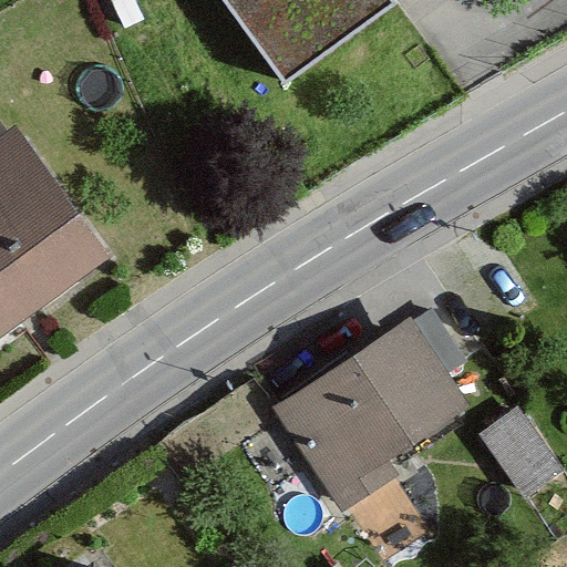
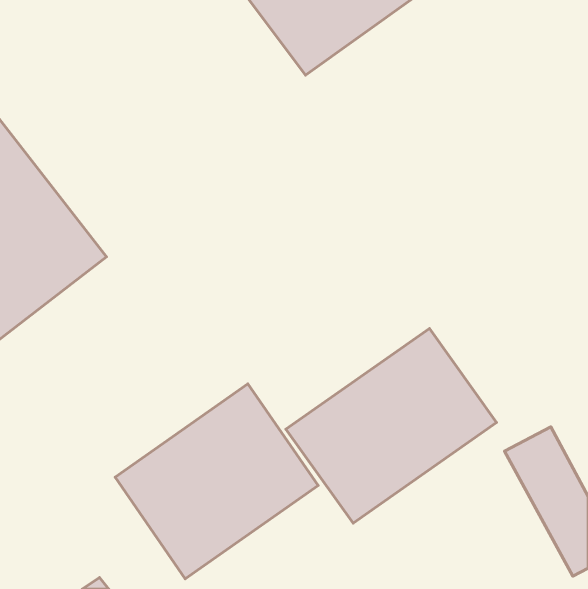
building: none -> [115,384,318,579]

